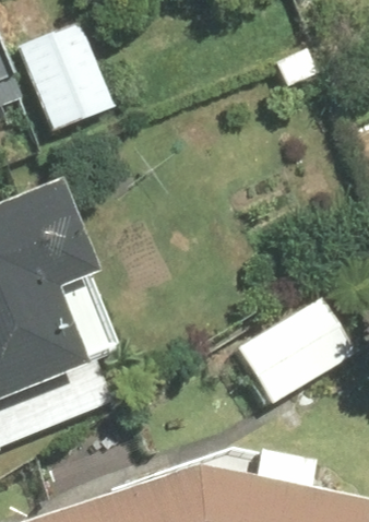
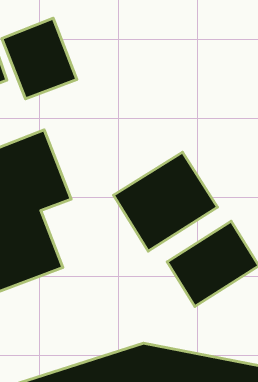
building: none -> [114,152,218,251]

